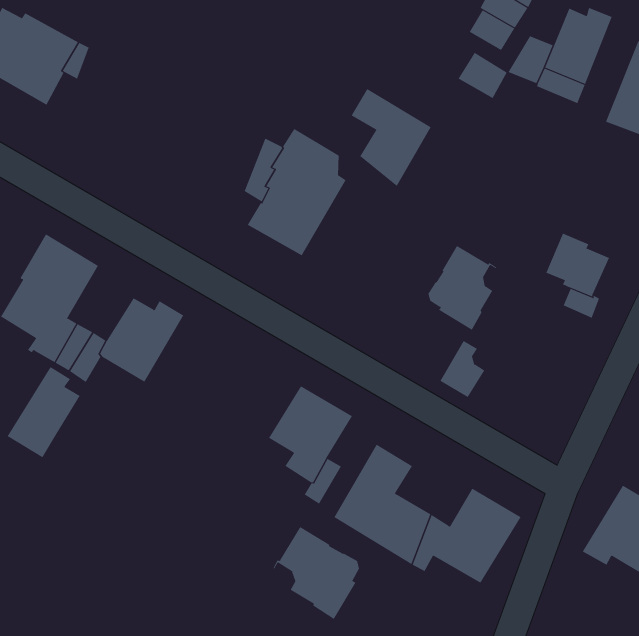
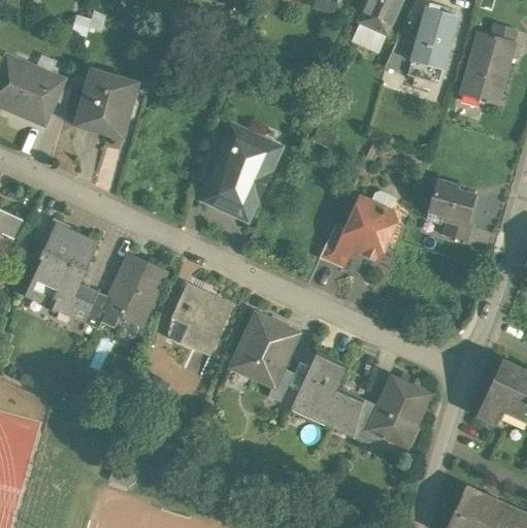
building: none -> [75,70,136,137]
building: [458,52,508,99] -> none
building: [351,88,432,187] -> none
building: none -> [166,282,232,355]
building: [439,340,485,398] -> [320,224,353,266]
building: [7,366,80,458] -> none
building: [272,526,360,620] -> none

